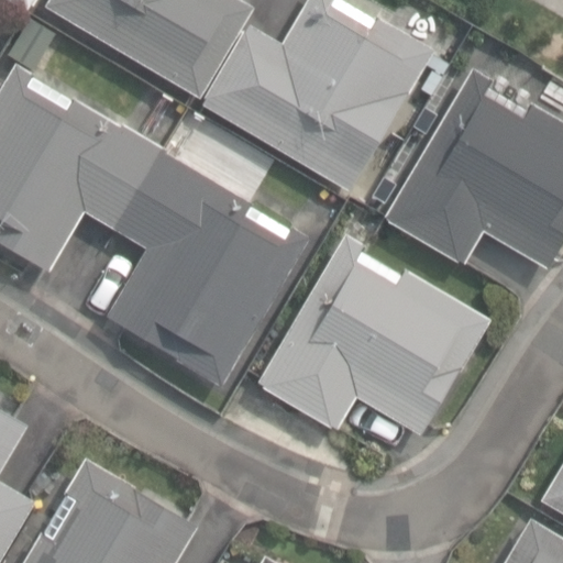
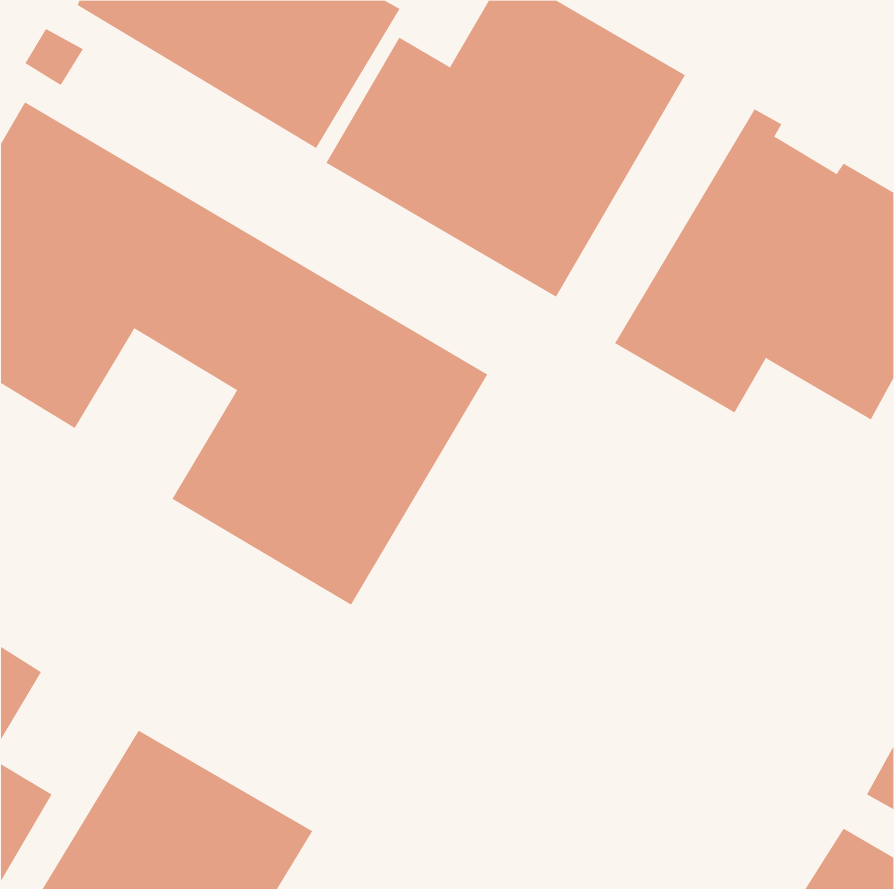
building: [258,236,487,432] -> none

